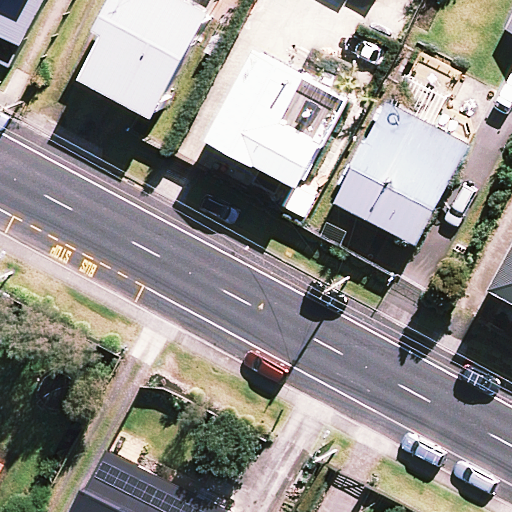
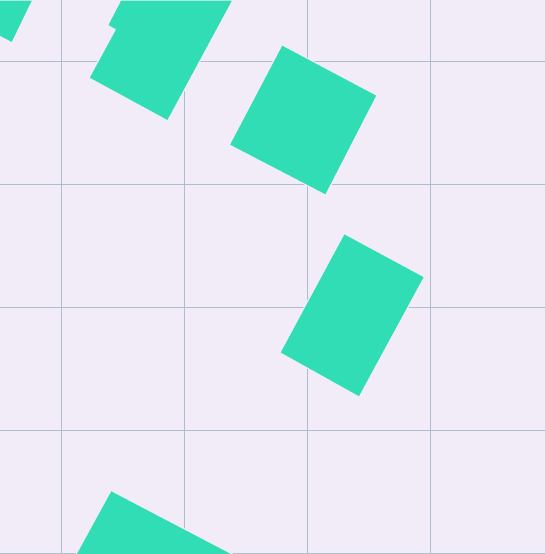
building: [330,104,463,246] -> none
building: none -> [280,233,424,397]

